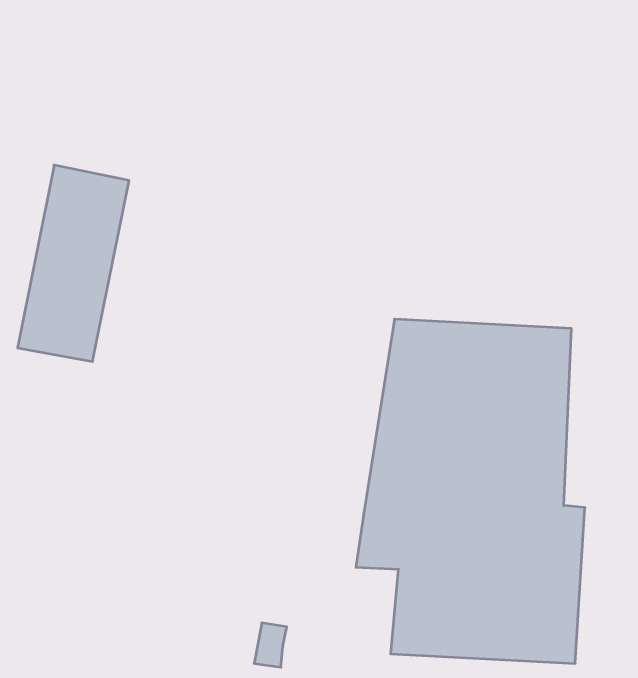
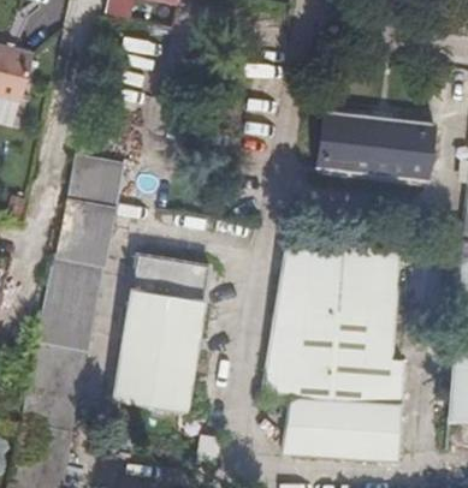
building: none -> [320,114,434,180]
building: none -> [109,254,211,411]

